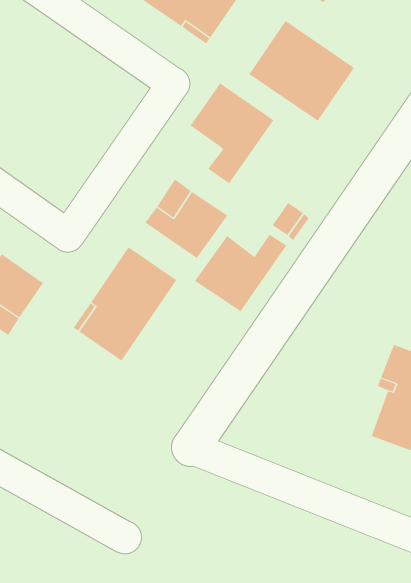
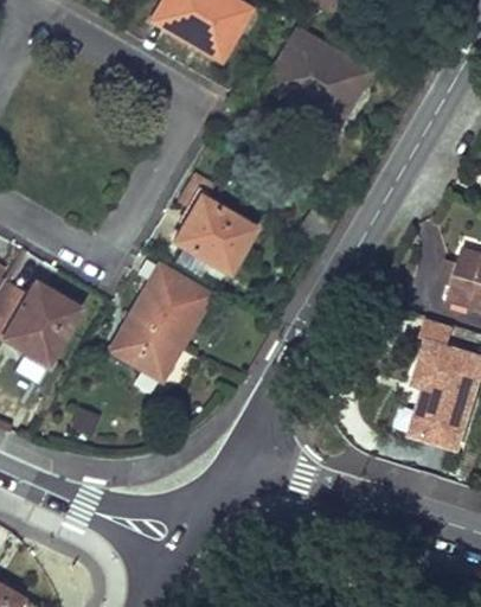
building: [190,83,274,184] -> none
building: [194,234,287,312] -> none

